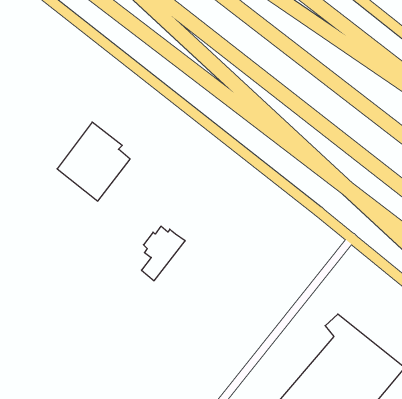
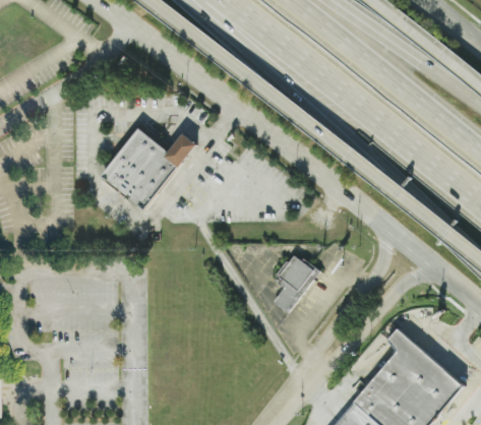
building: none -> [166,134,198,168]
building: [141,226,185,281] -> [270,255,316,312]

